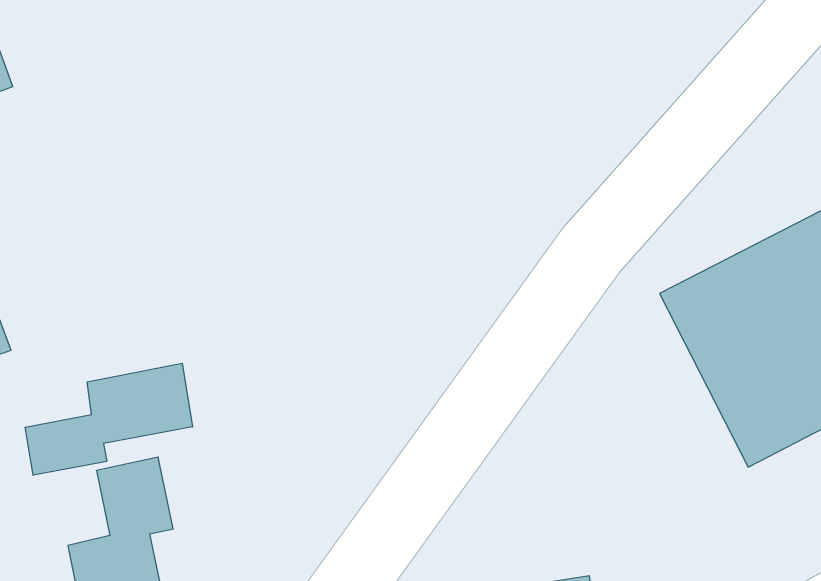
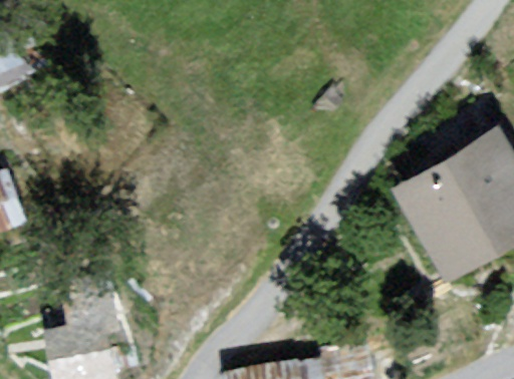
building: [25,363,193,475] -> none

